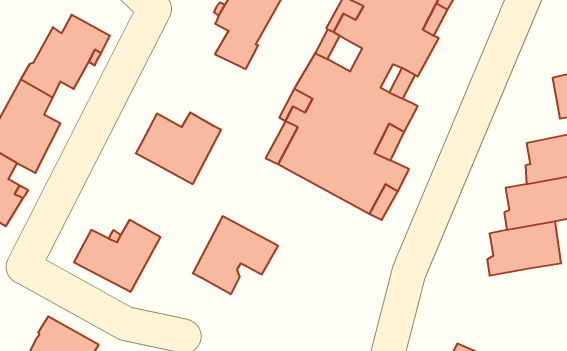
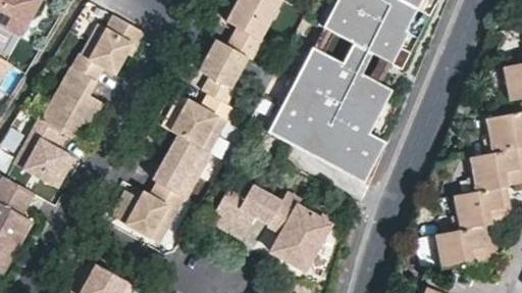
building: none -> [199,40,247,106]
building: none -> [153,137,209,198]
building: none -> [266,195,329,274]
building: none -> [436,224,499,265]

